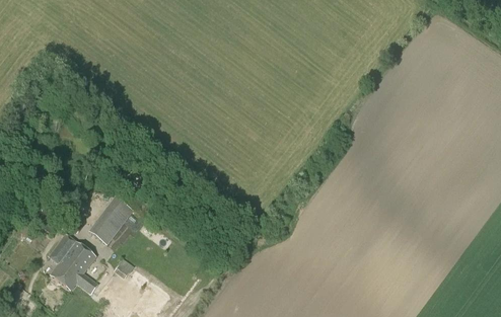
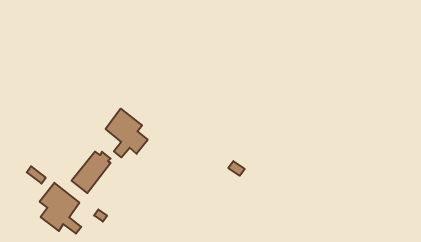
building: none -> [106,109,148,157]

